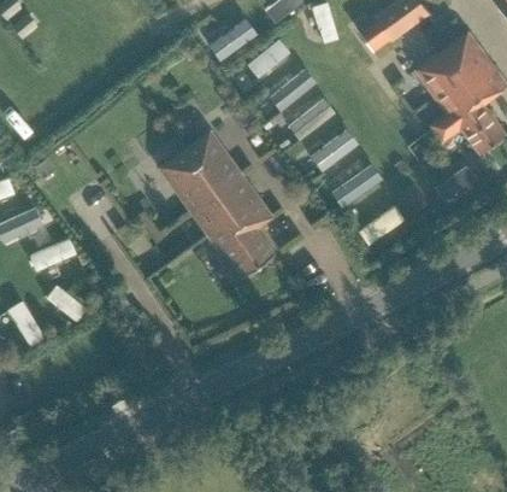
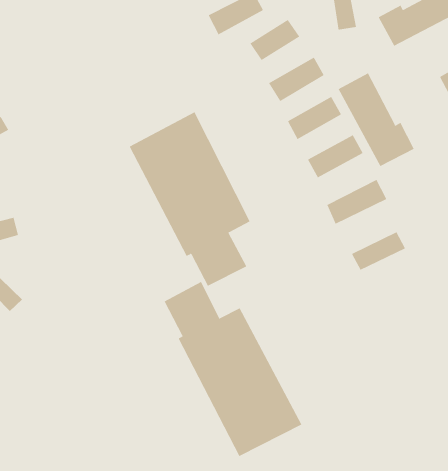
building: none -> [338,73,415,167]
building: none -> [164,281,302,457]

